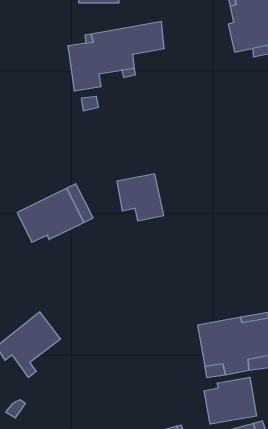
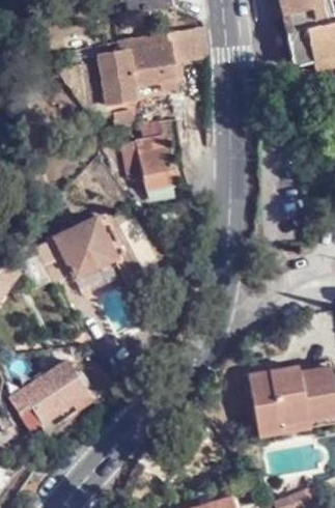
building: [117,174,164,221] -> [123,137,177,191]
building: [204,377,256,424] -> none

